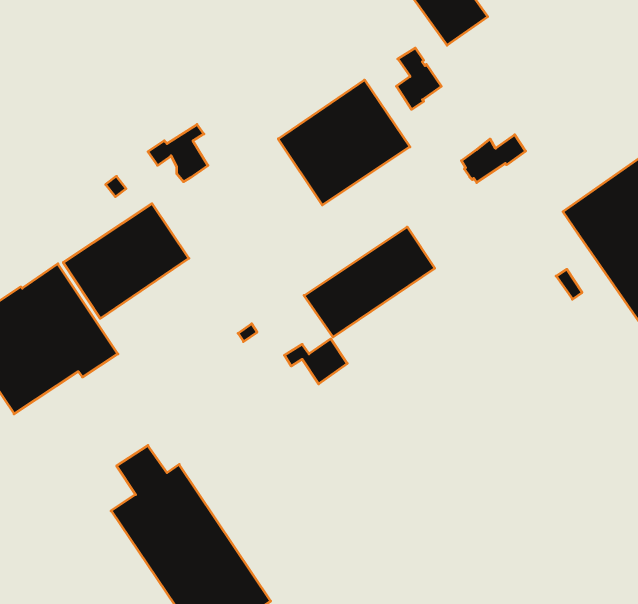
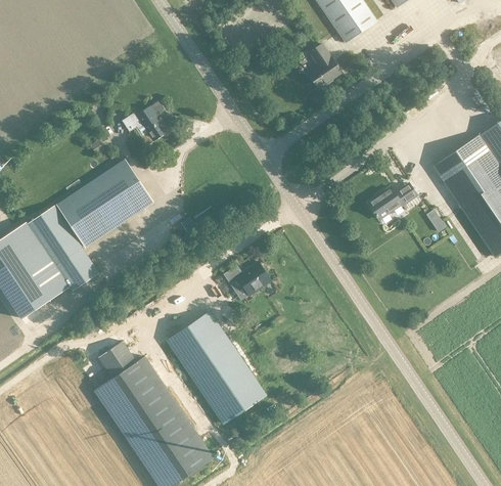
building: [278,80,410,205] -> none
building: [461,135,526,183] -> [369,182,417,218]
building: [304,227,435,337] -> none
building: none -> [168,312,265,422]

